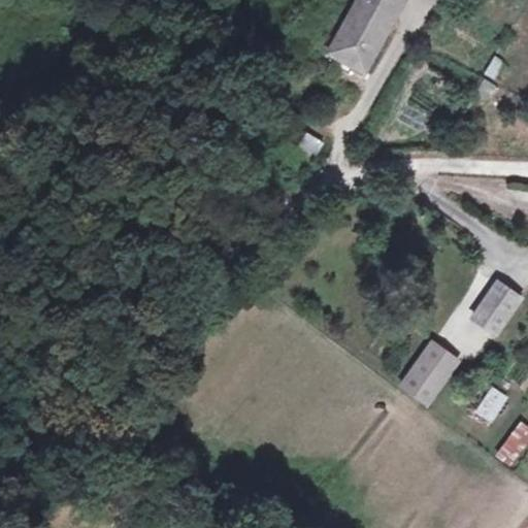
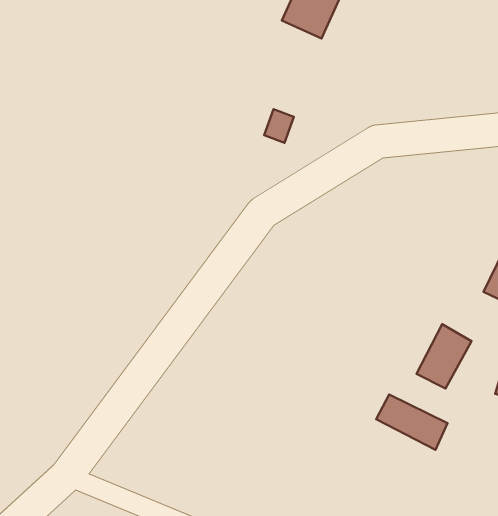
building: none -> [376,394,447,450]

